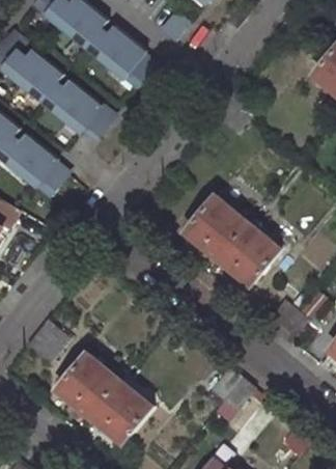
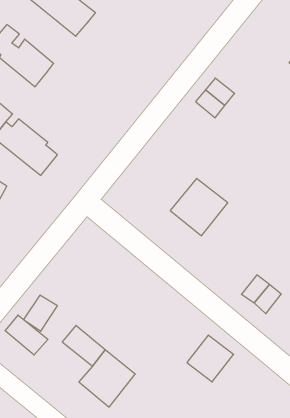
building: [87,27,156,87] -> none
building: [44,81,114,139] -> none
building: [221,224,281,285] -> none
building: [59,373,105,415] -> [5,315,48,355]

